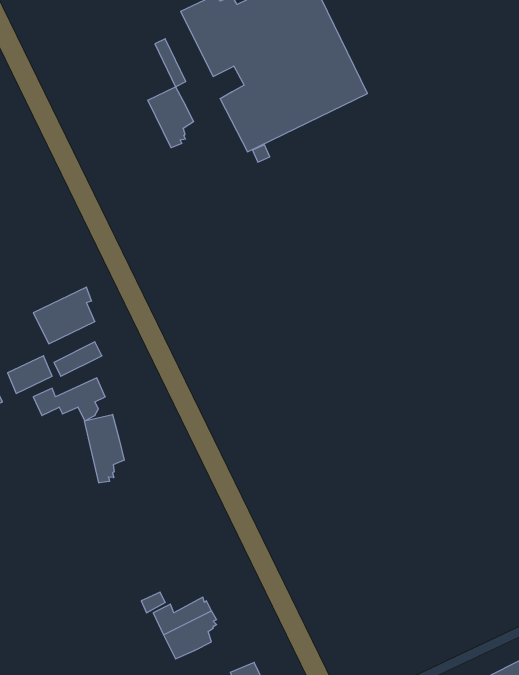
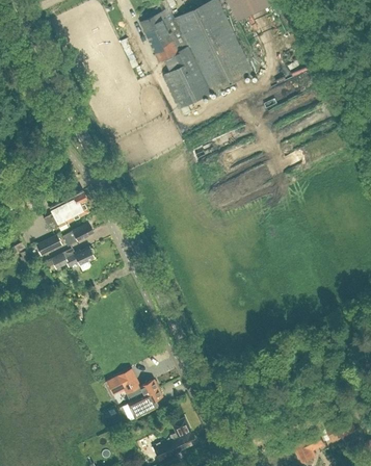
building: [148,87,193,148] -> none
building: [85,414,124,483] -> none

